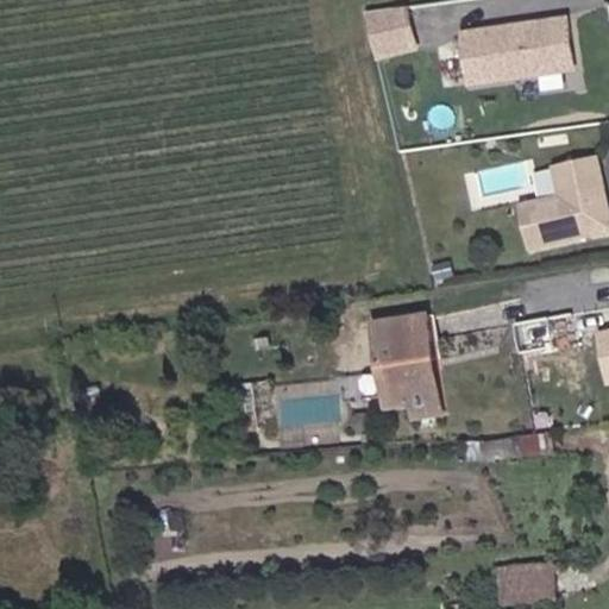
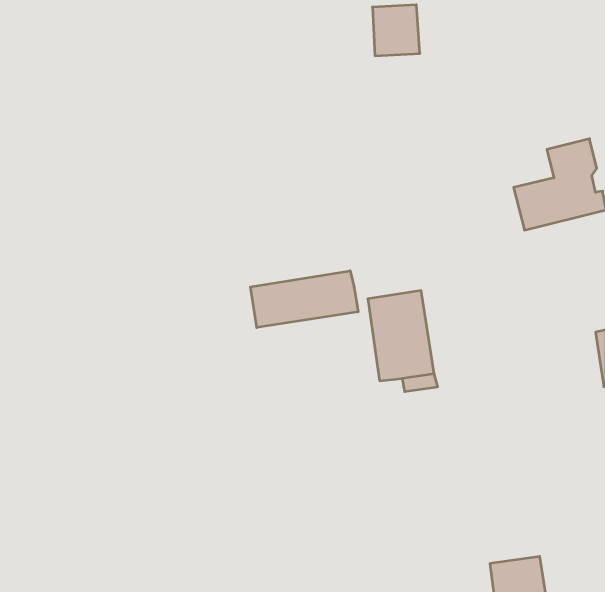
building: [466,23,575,84] -> none
building: none -> [250,271,358,328]

